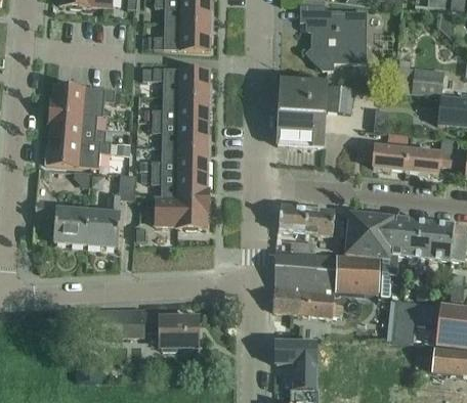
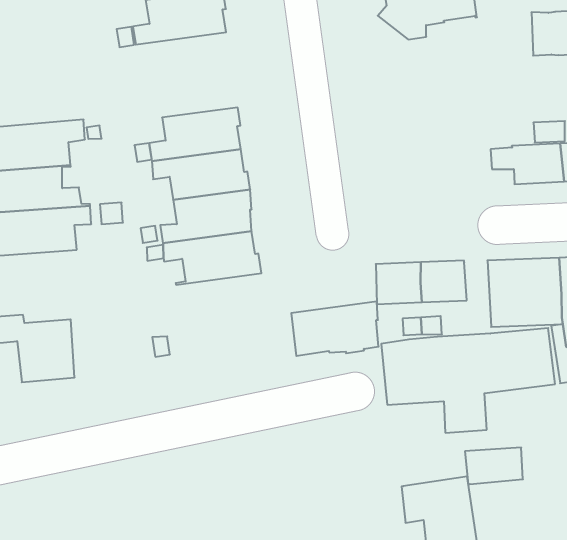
building: [143,66,212,95] -> none
building: [277,81,354,146] -> none
building: [86,173,136,248] -> none
building: [156,197,210,227] -> [291,302,379,356]
building: [273,290,309,313] -> [465,448,523,484]
building: [102,309,198,350] -> none

